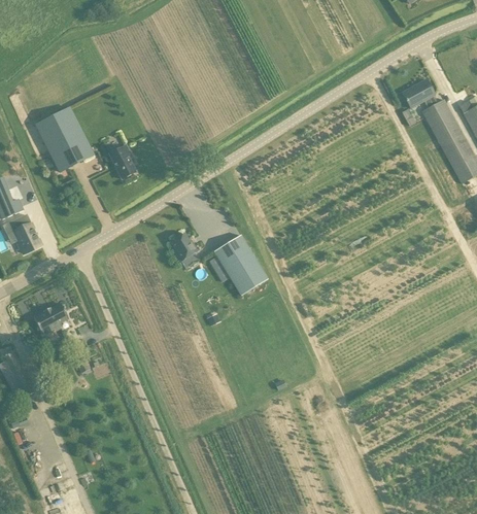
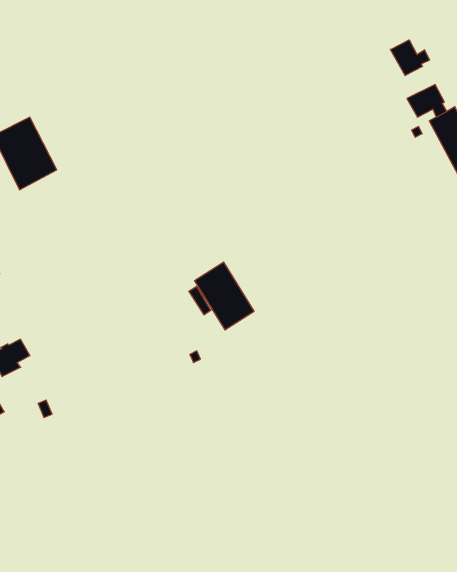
building: none -> [390,40,430,76]
building: [109,144,136,178] -> none
building: [171,233,197,261] -> none

